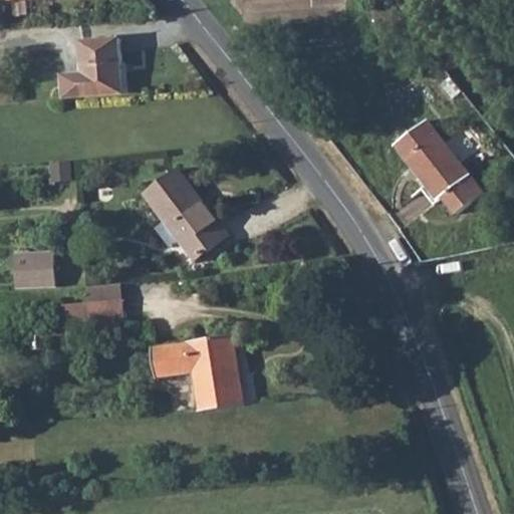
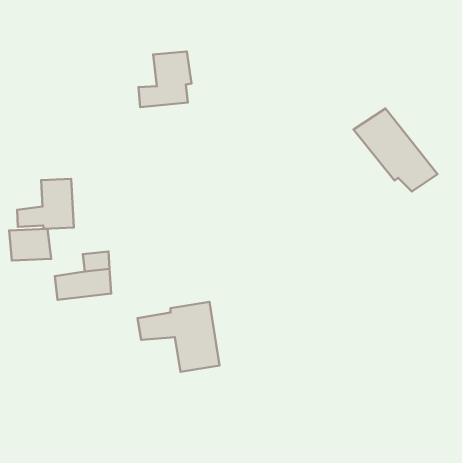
building: [60,36,118,97] -> [138,52,191,107]
building: [142,169,226,259] -> none
building: none -> [17,179,74,229]

